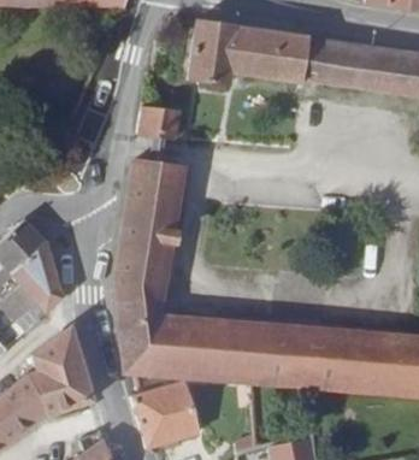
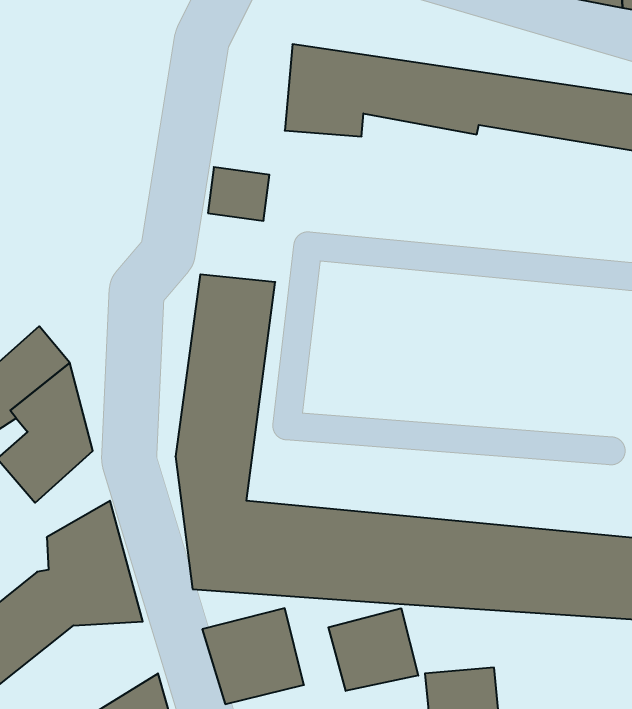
building: none -> [328,608,418,691]

